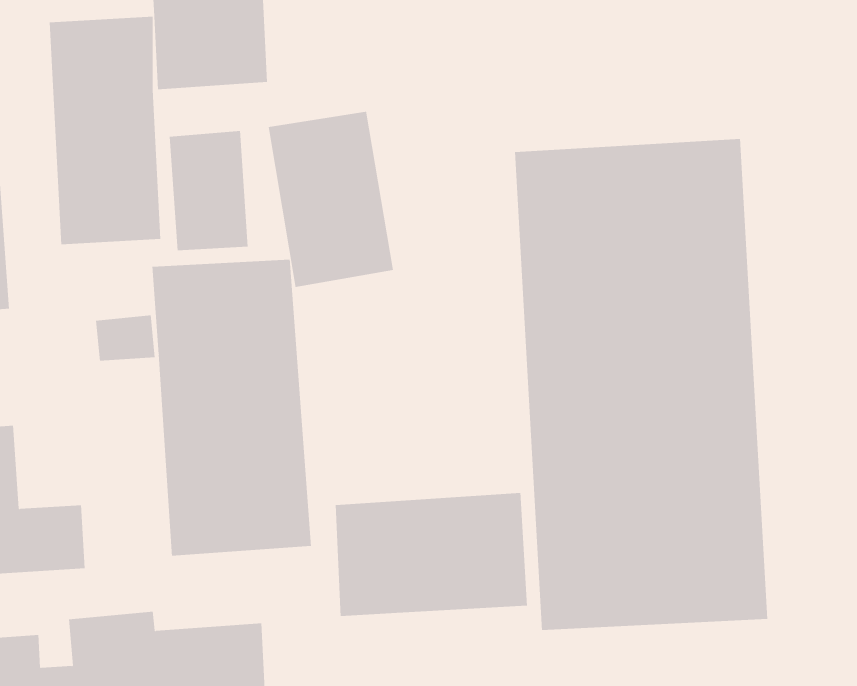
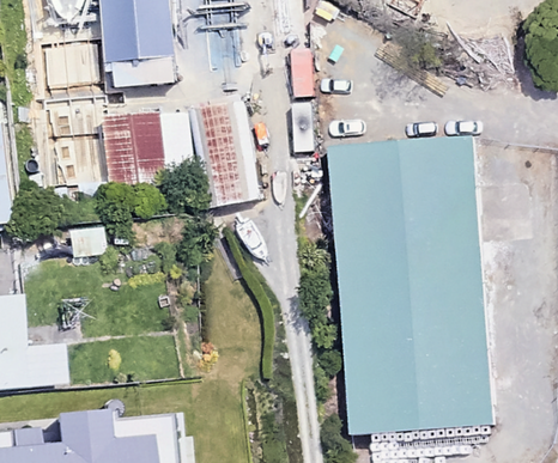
building: [152,259,312,556] -> none
building: [335,492,528,617] -> none

